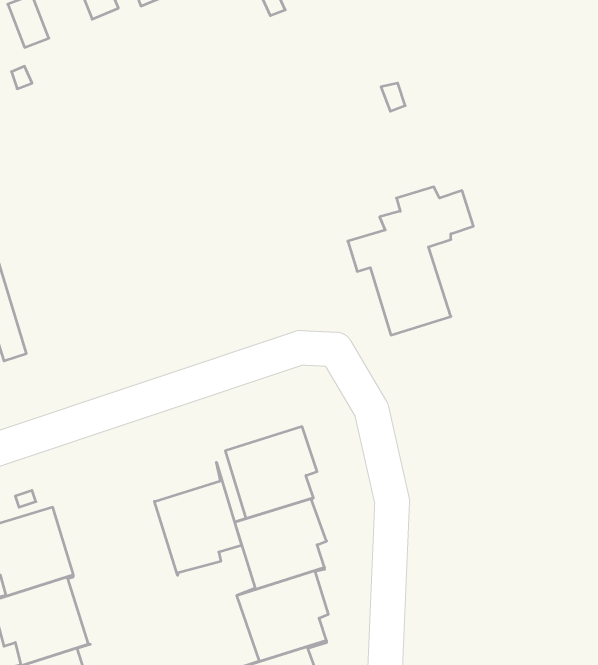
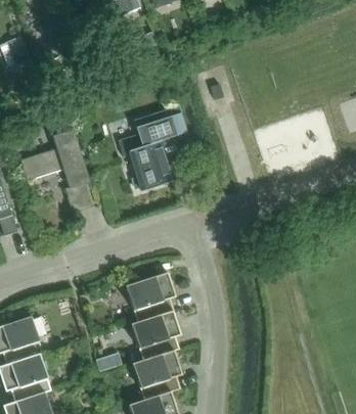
building: none -> [19,129,91,214]
building: [348,187,473,335] -> [118,110,186,191]
building: [154,462,242,575] -> none

